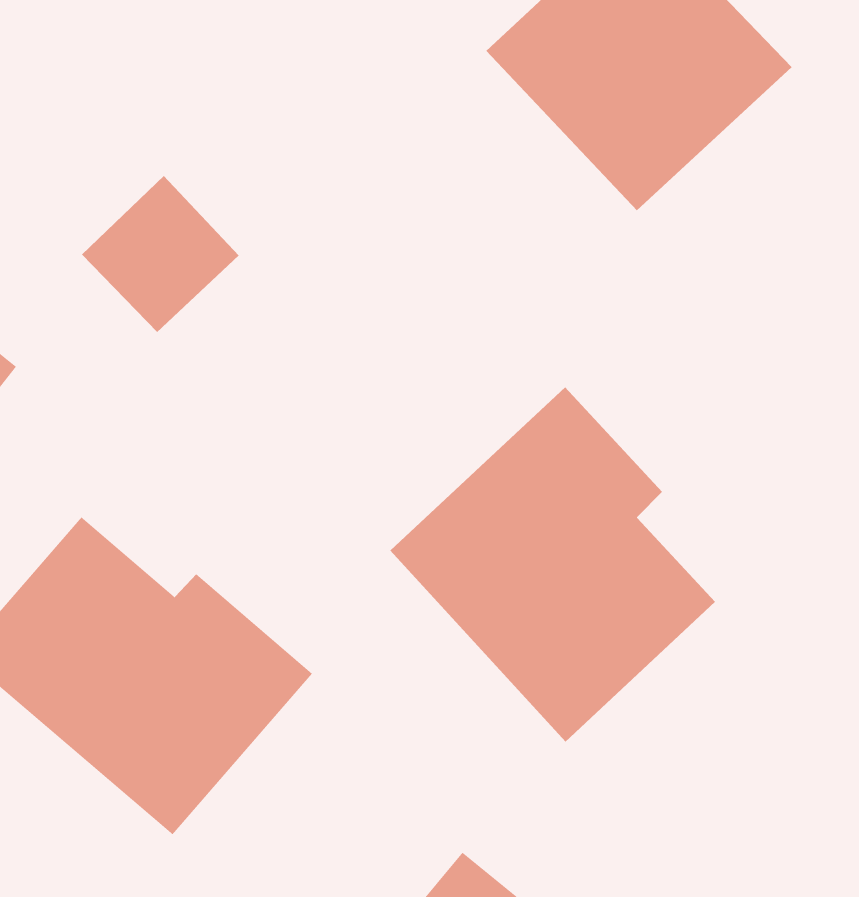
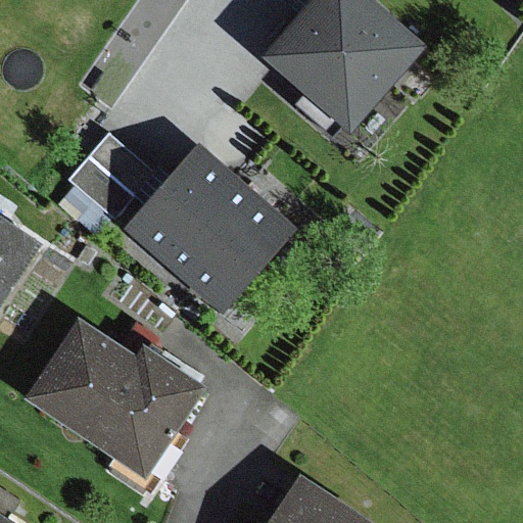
building: none -> [123,143,293,312]
building: [390,386,716,742] -> none

